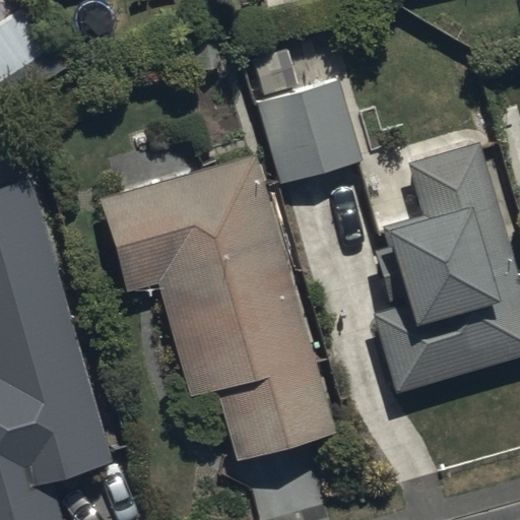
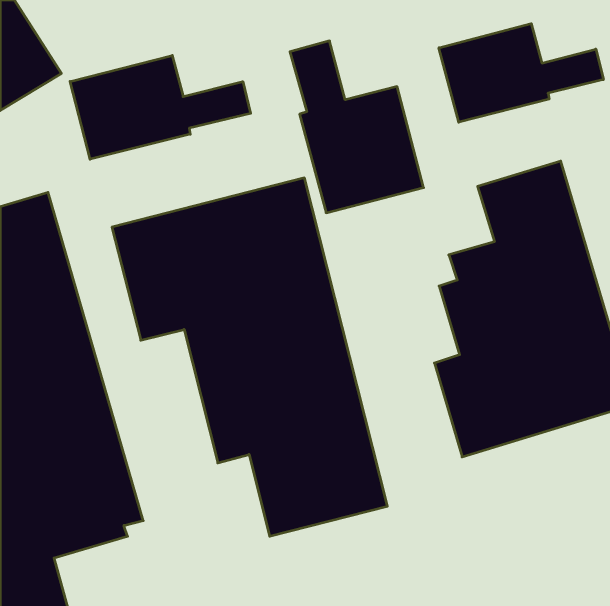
building: none -> [439,24,603,122]
building: none -> [70,55,251,159]

